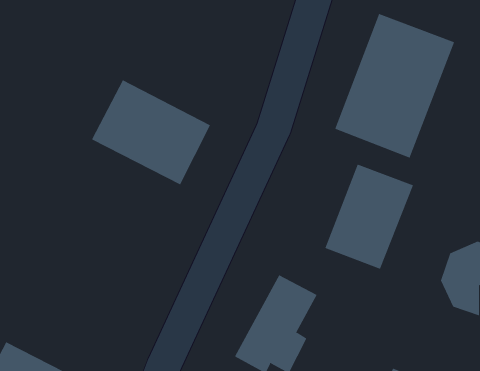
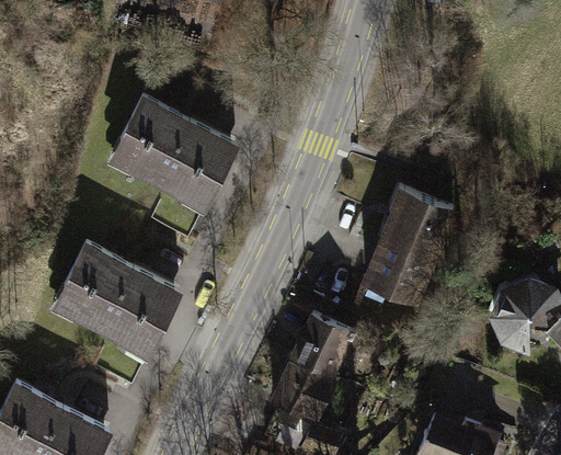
building: [335,13,455,158] -> none
building: none -> [55,243,184,359]

